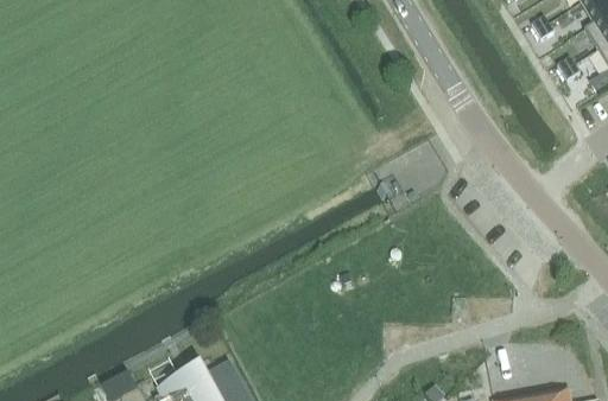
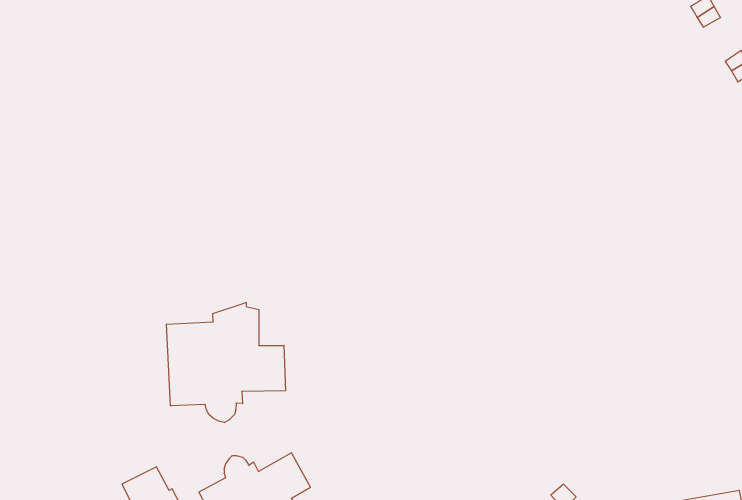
building: none -> [166,302,285,423]

